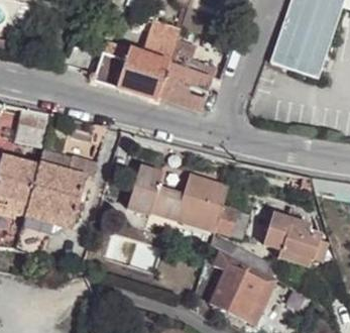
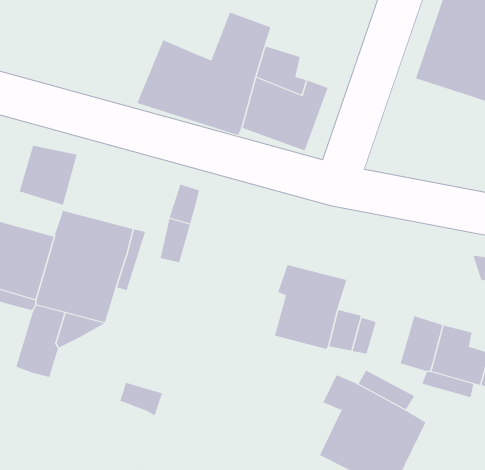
building: [126,174,187,229] -> none

